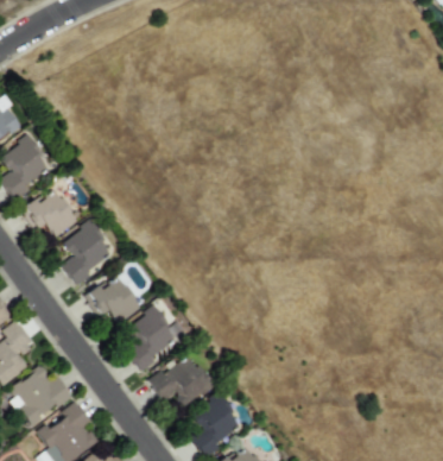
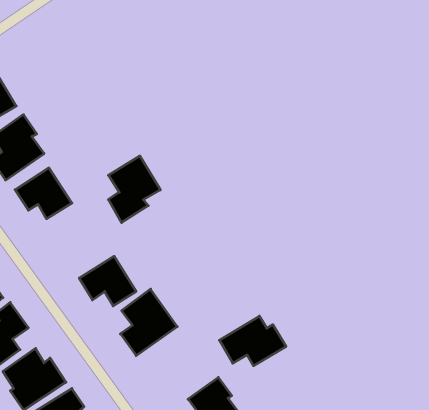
building: [63,221,114,286] -> [108,156,160,223]
building: [150,356,215,405] -> [219,316,286,366]

